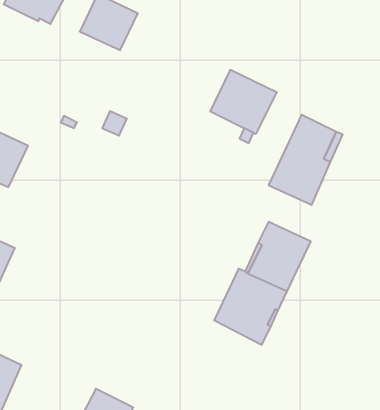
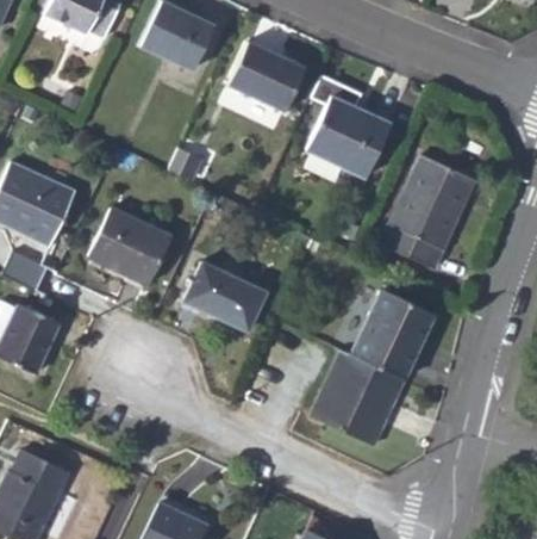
building: none -> [230,42,305,111]
building: none -> [90,209,171,285]
building: none -> [183,258,266,330]

